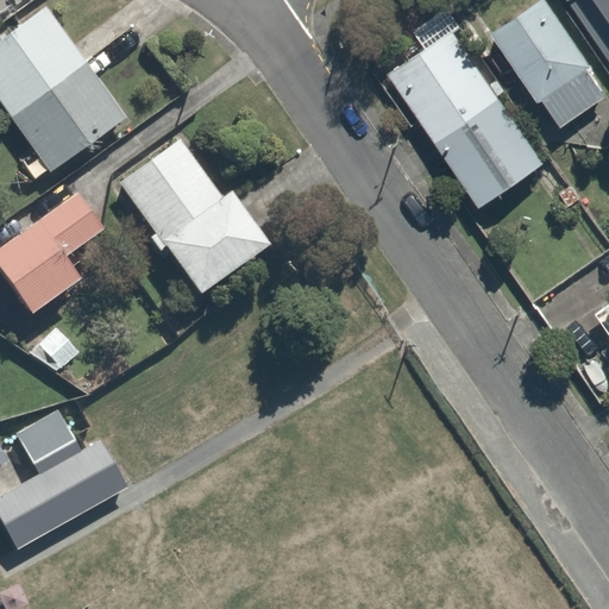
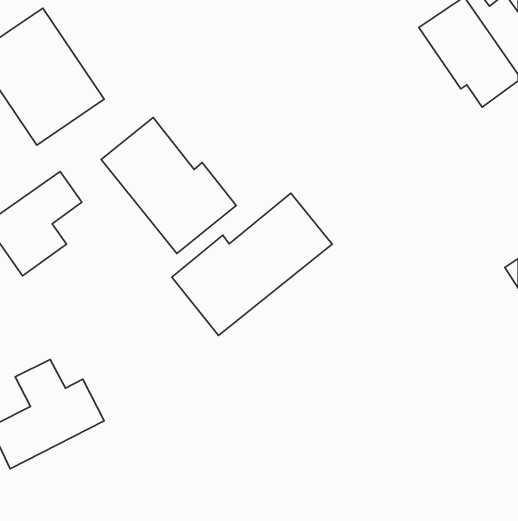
building: [387,15,548,207] -> none
building: none -> [172,193,332,336]

